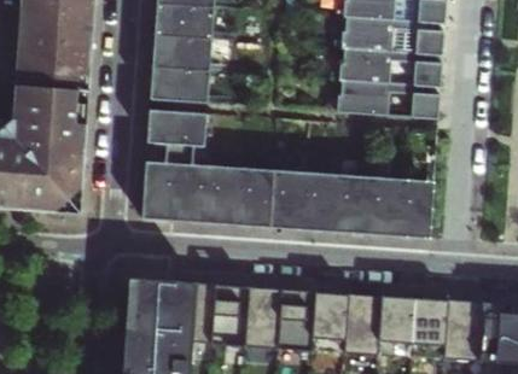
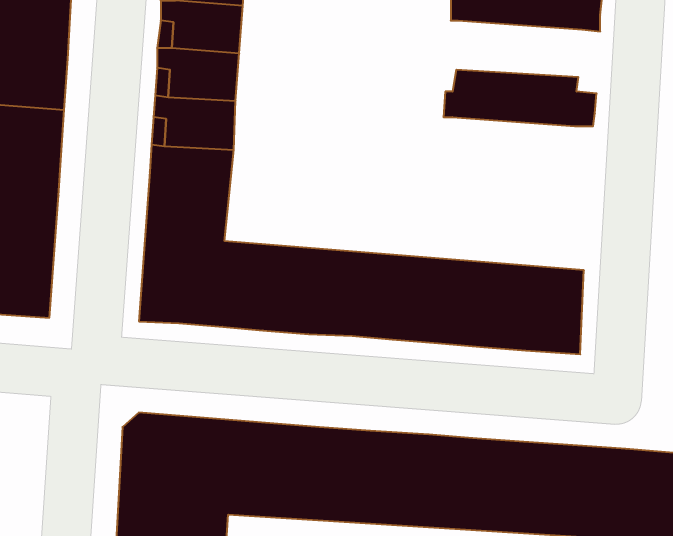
building: [344,17,444,55] -> none
building: [339,81,440,119] -> none

